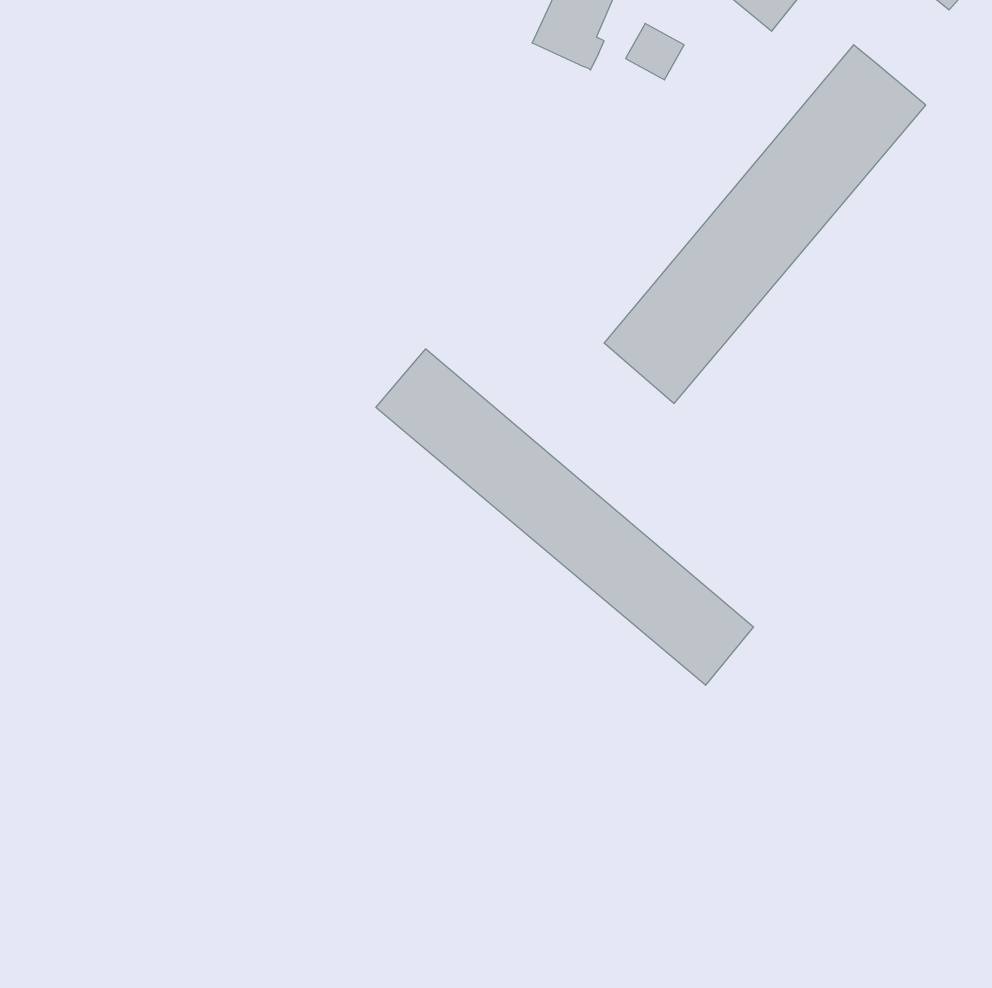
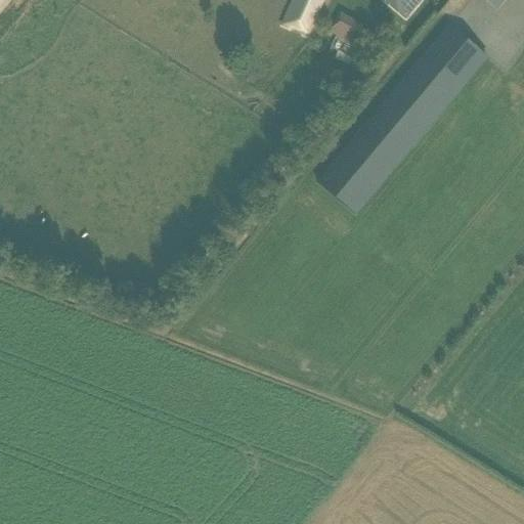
building: [376,349,753,685] -> none

